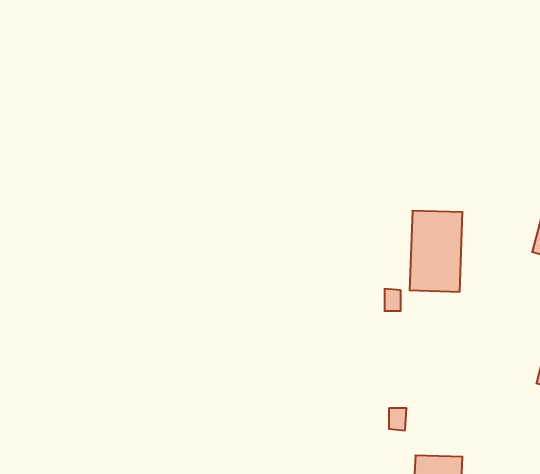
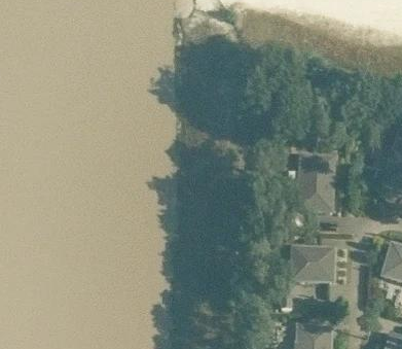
building: none -> [288,246,333,281]

